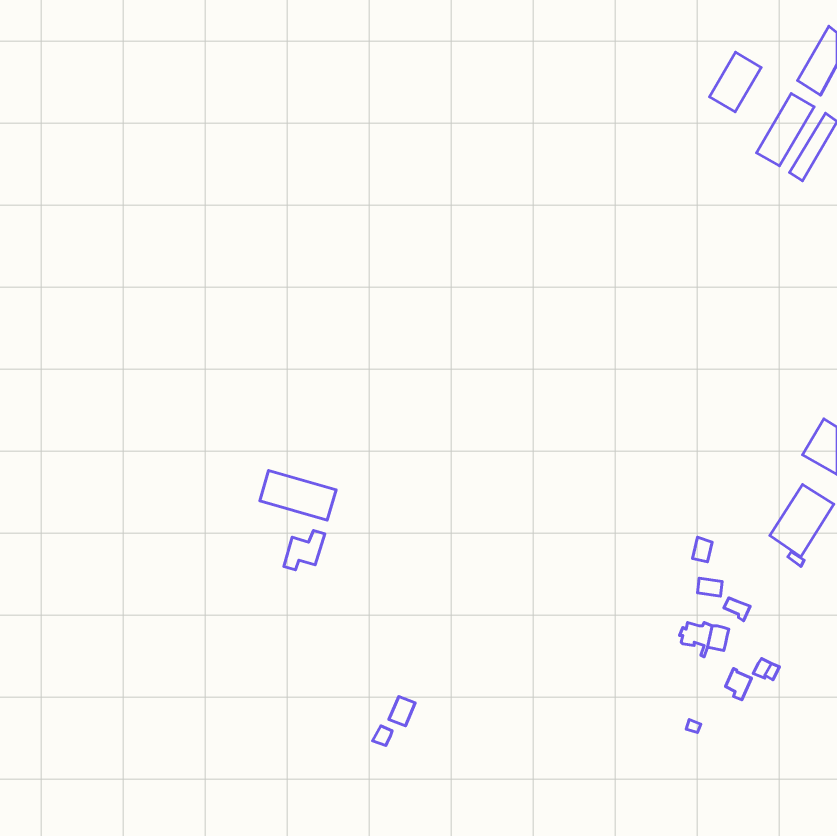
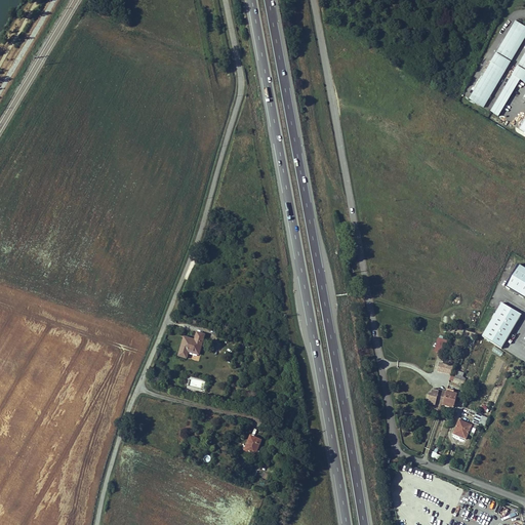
building: [710,52,761,112] -> none
building: [260,470,336,520] -> none

